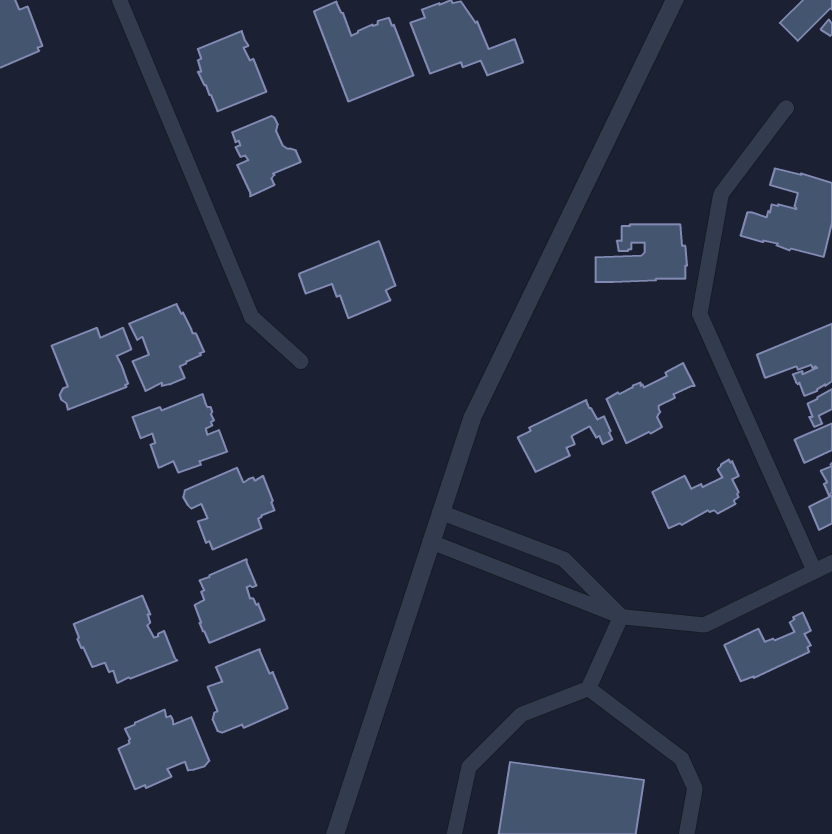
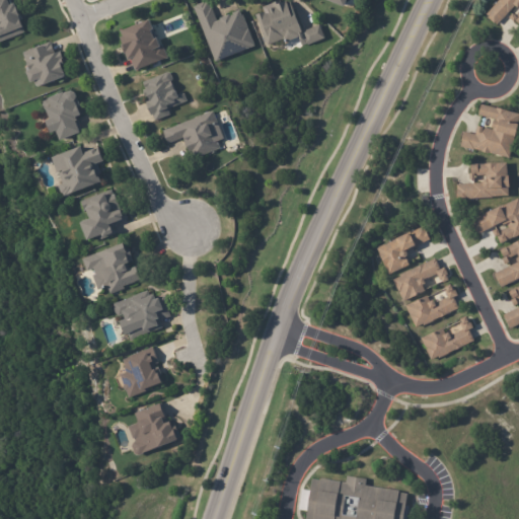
building: none -> [23,42,67,89]
building: none -> [43,91,82,141]
building: [595,225,687,282] -> [455,163,512,199]
building: [299,241,396,318] -> [164,110,224,158]
building: [51,328,131,410] -> [52,146,101,197]
building: [518,400,612,472] -> [392,256,451,301]
building: [74,596,177,683] -> none
building: [724,613,811,681] -> [420,317,473,360]
building: [118,710,209,789] -> none

